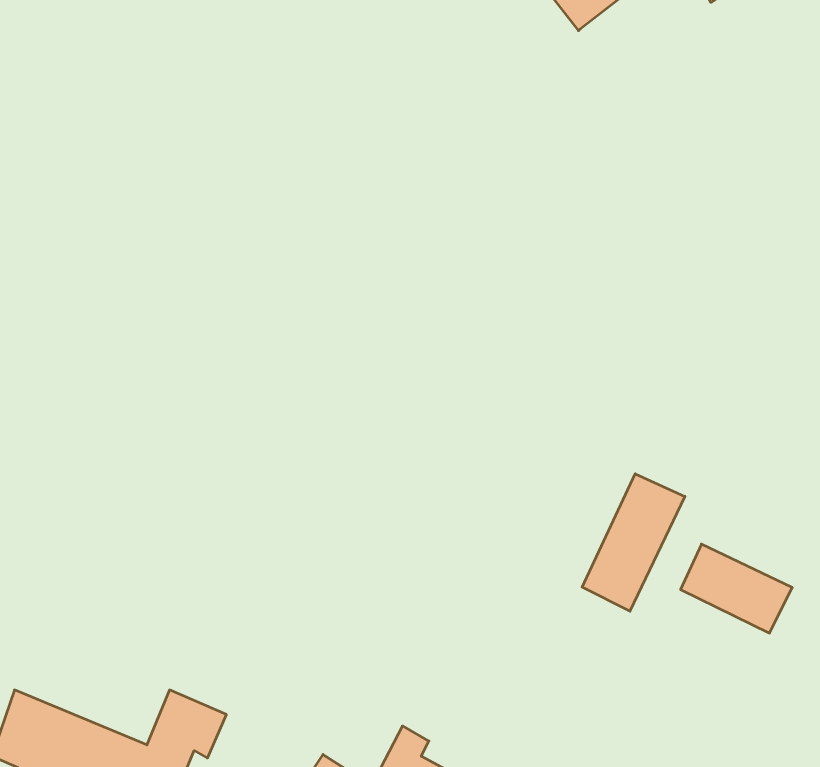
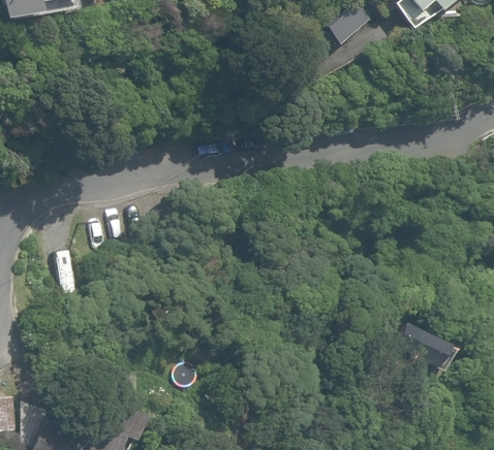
building: [582,474,685,611] -> none

